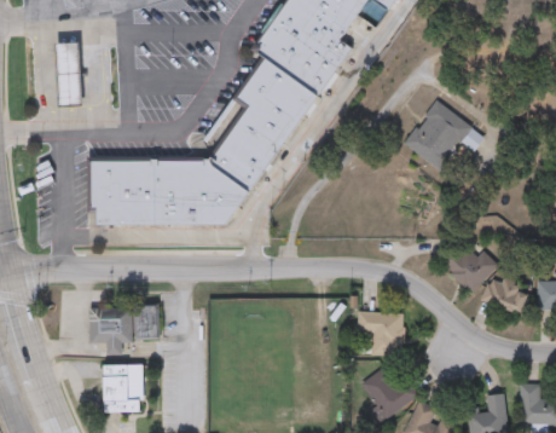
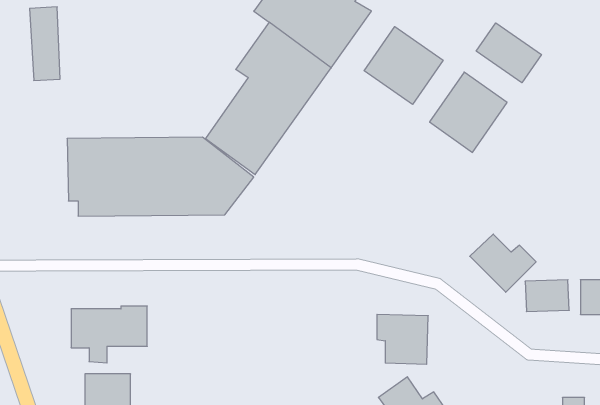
building: none -> [476,23,541,83]
building: none -> [364,27,443,104]

